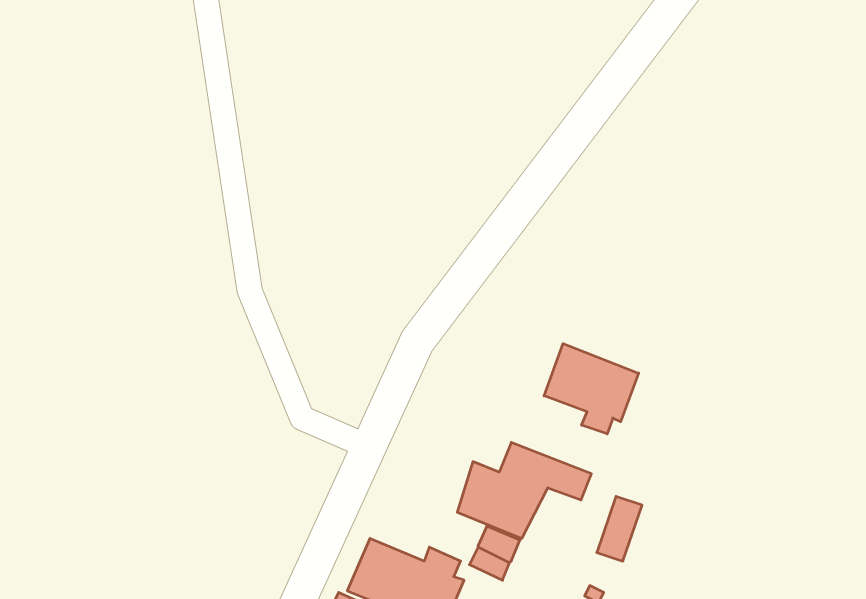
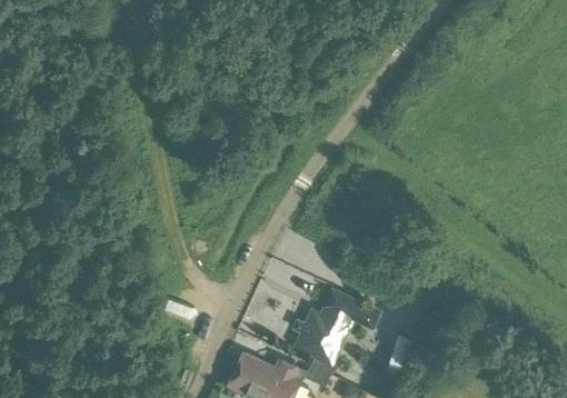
building: [544,344,639,434] -> none

